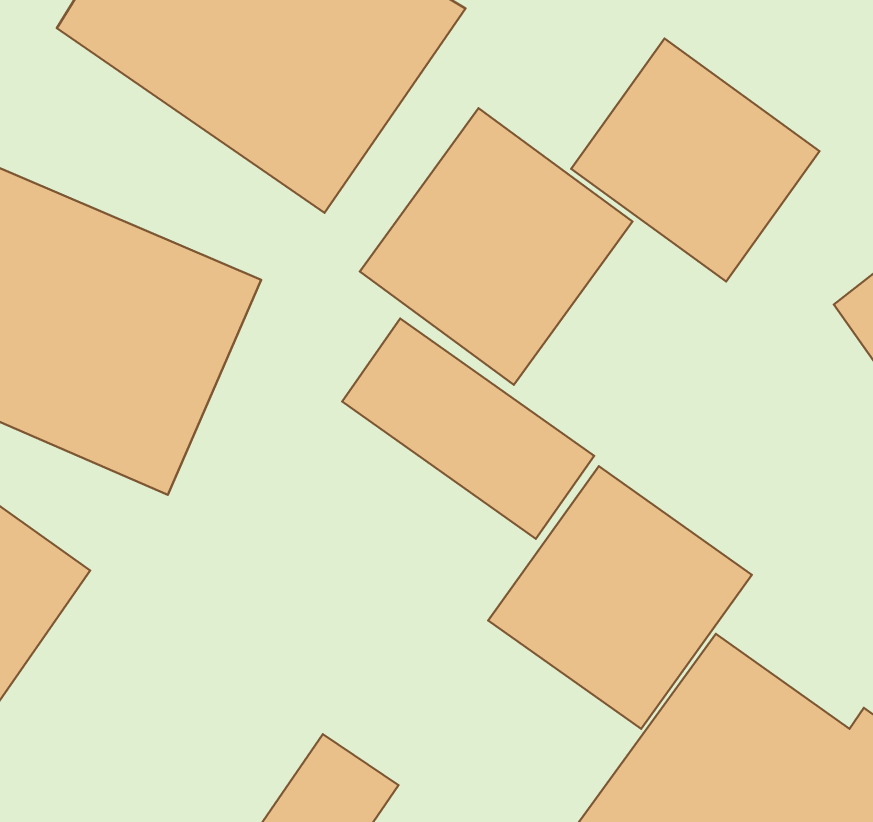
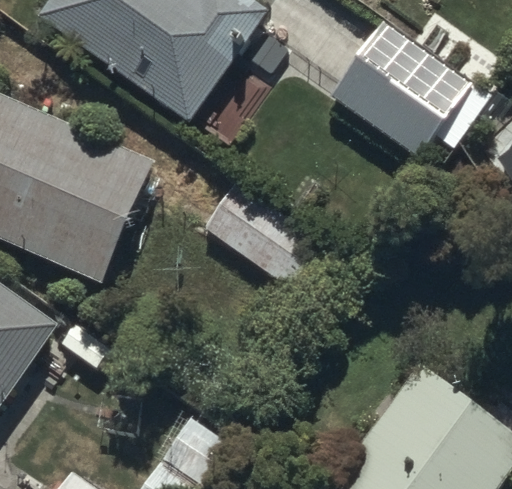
building: [360,108,633,385] -> none
building: [488,466,752,729] -> none

